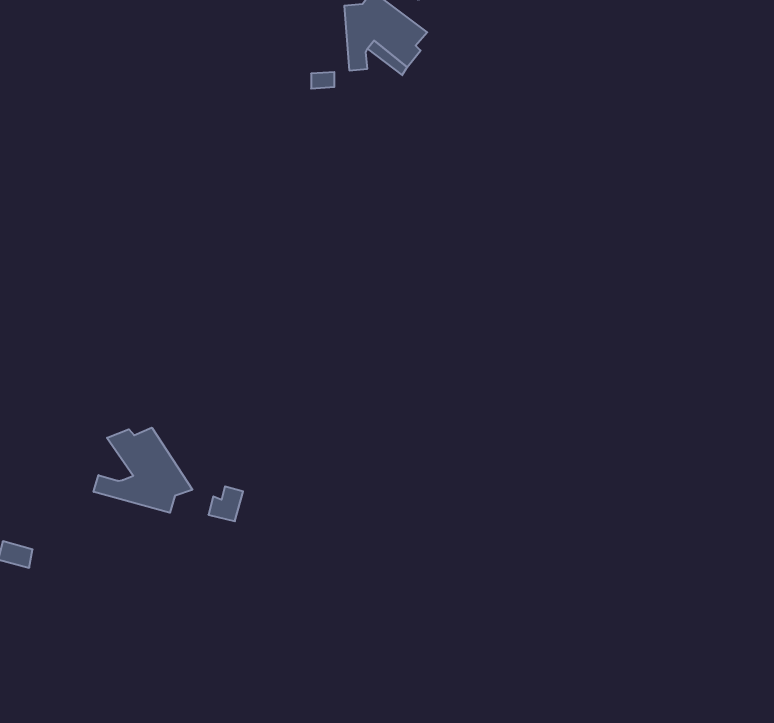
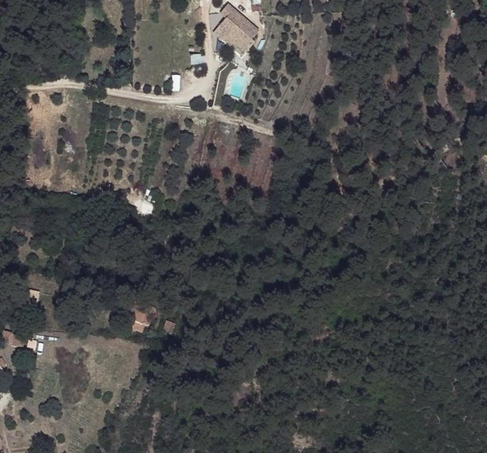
building: [94,428,192,513] -> none

